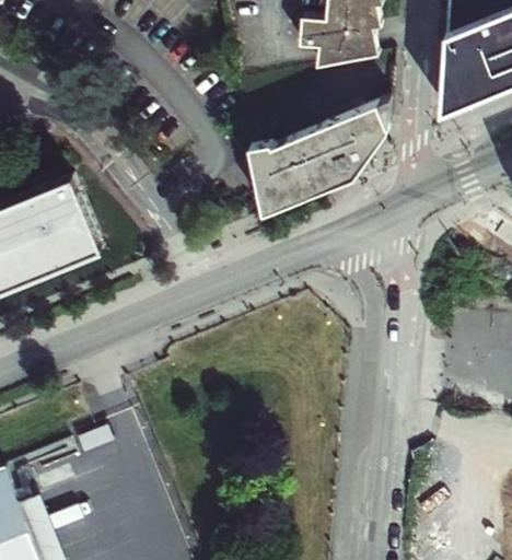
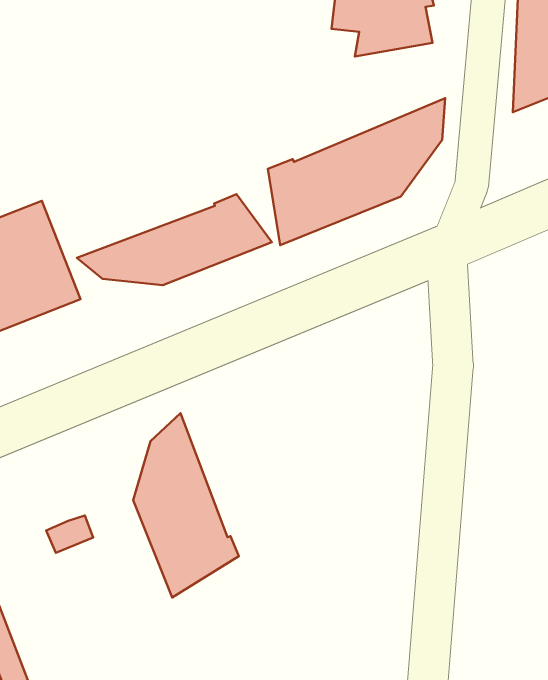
building: none -> [77,194,272,285]
building: none -> [133,413,239,598]

